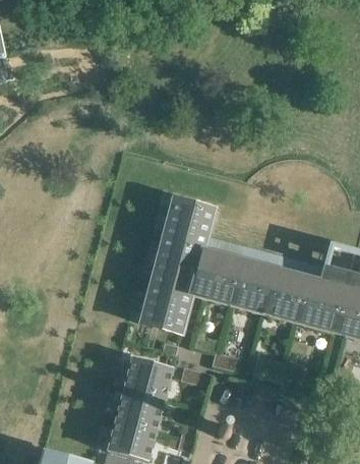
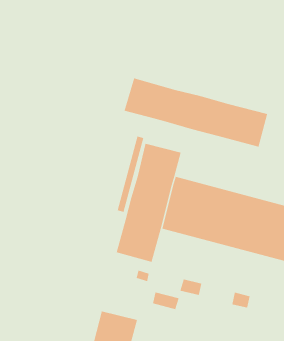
building: none -> [124,78,268,148]
building: [125,359,174,398] -> none

